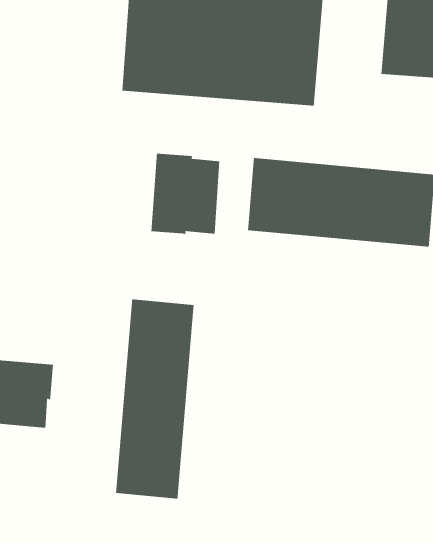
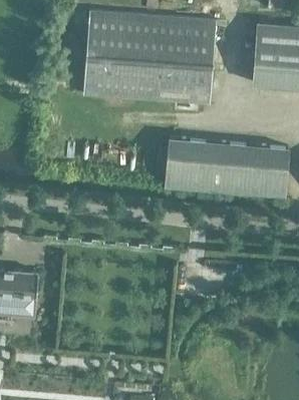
building: [150,153,220,235] -> none
building: [115,298,194,500] -> none

